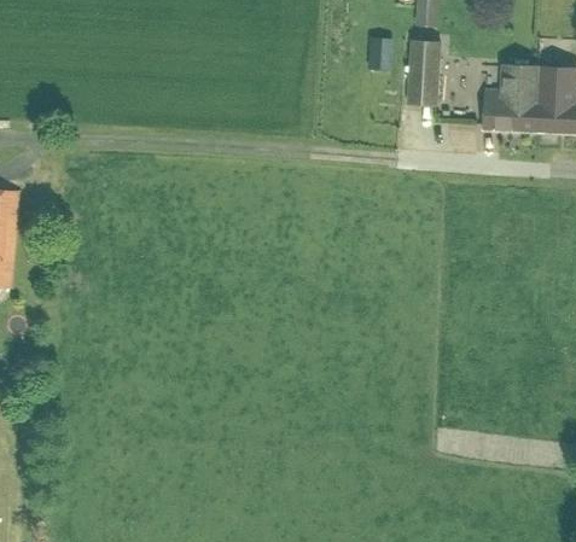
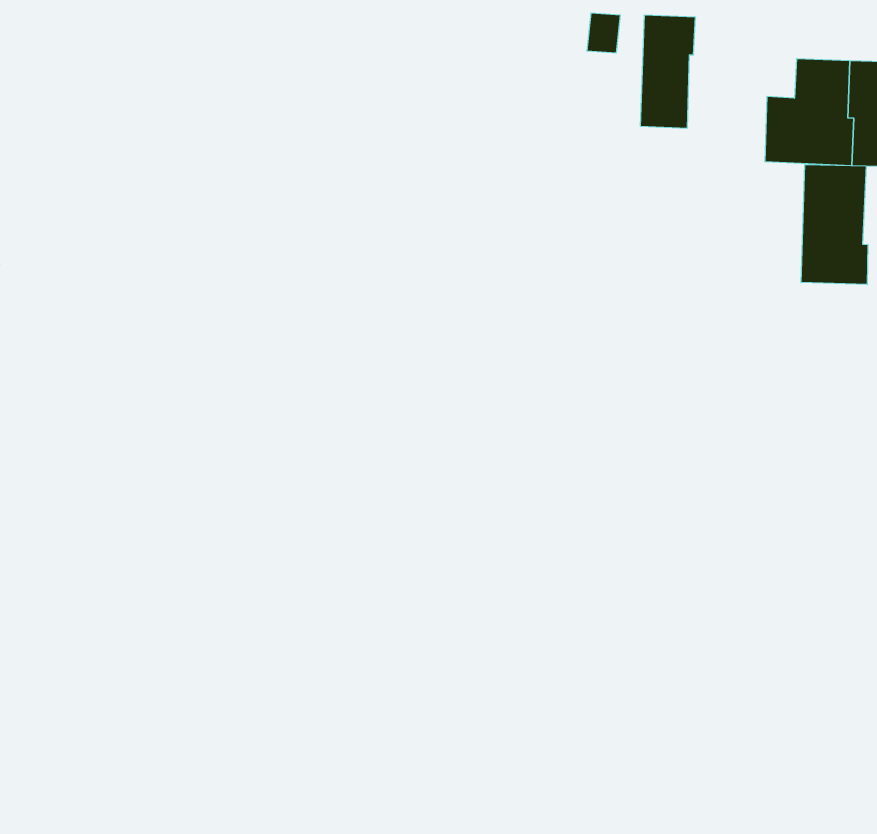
building: none -> [801,164,868,285]

